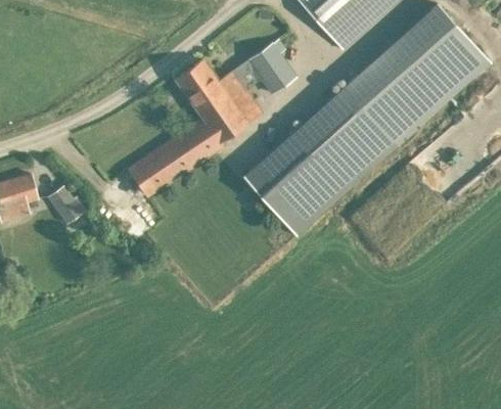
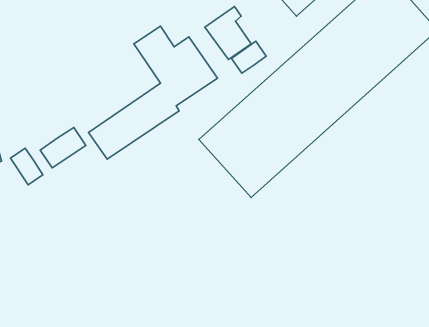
building: none -> [231,41,266,73]
building: none -> [40,127,86,168]

